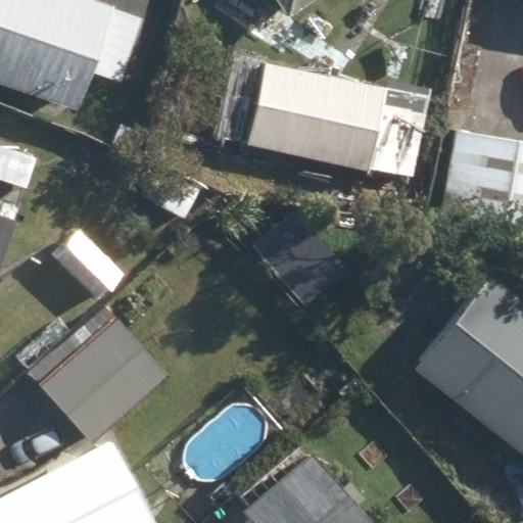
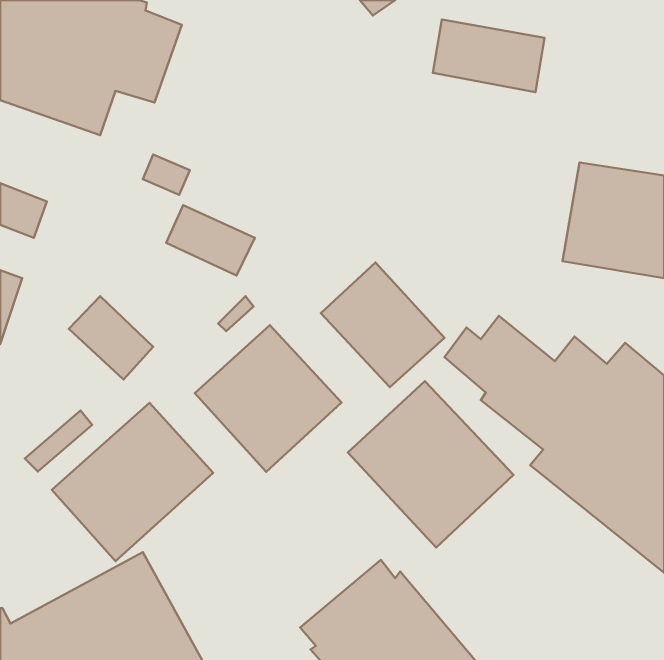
building: [250,63,386,172] -> none
building: none -> [195,325,341,472]
building: none -> [348,381,513,548]

